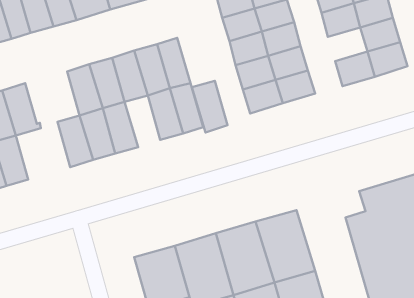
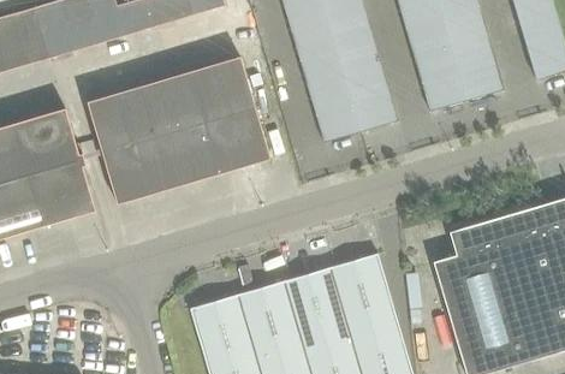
building: none -> [412,44,458,83]
building: none -> [87,95,127,153]
building: [192,81,227,132] -> [179,123,220,182]
building: none -> [54,160,95,219]

